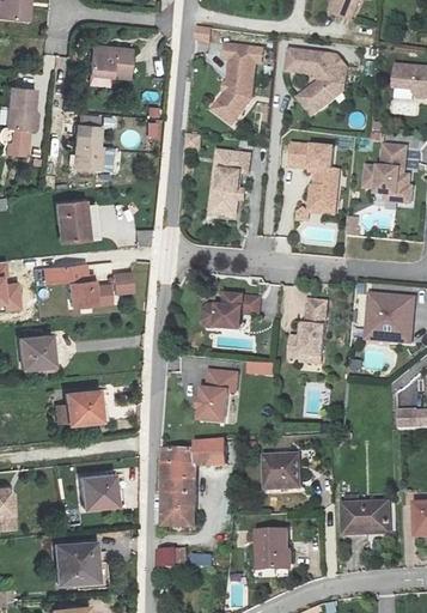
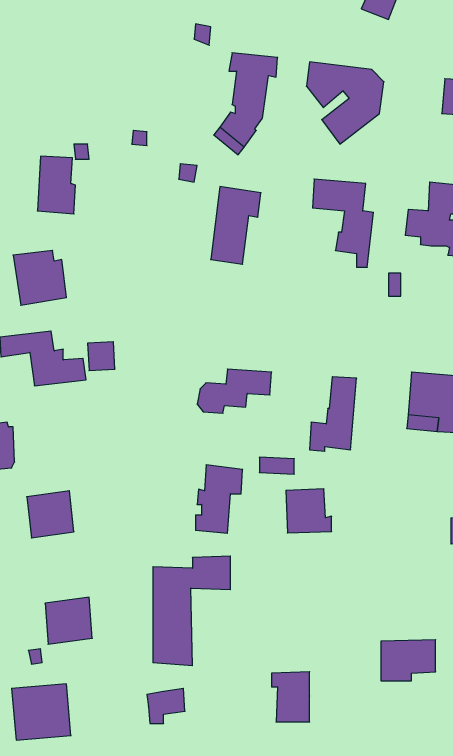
building: [87,45,133,80] -> none
building: [264,456,300,491] -> [286,489,332,533]

